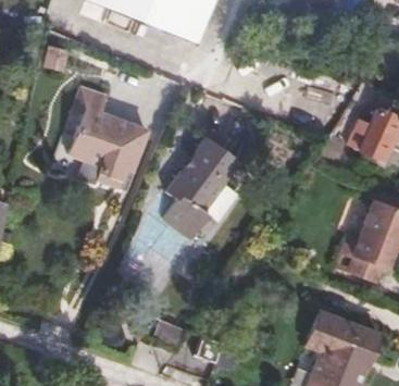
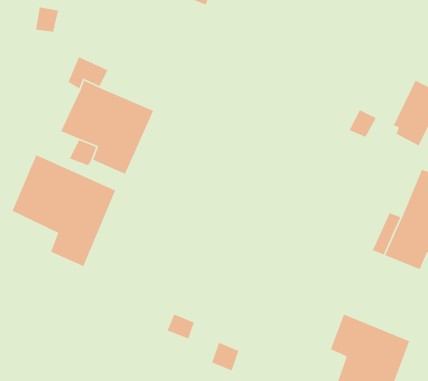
building: [161,139,235,241] -> none
building: none -> [12,154,116,267]

